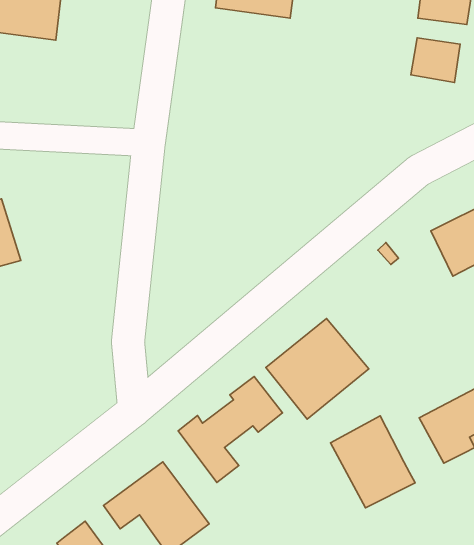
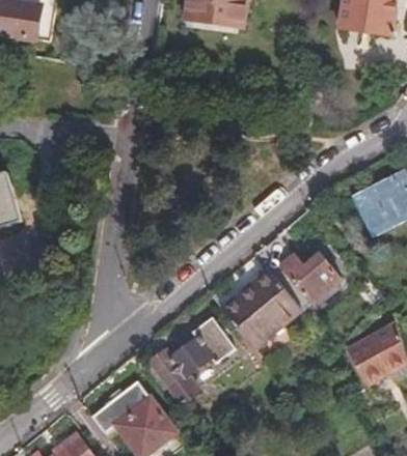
building: [411,38,460,83] -> none
building: none -> [279,255,340,306]
building: [331,416,415,508] -> none

